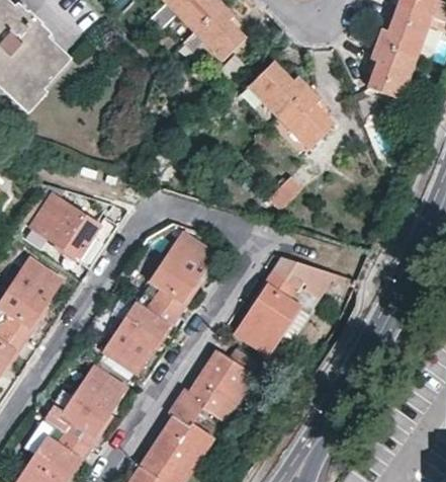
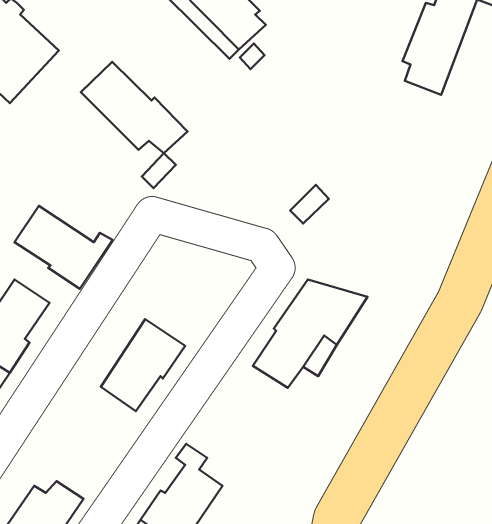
building: [246,64,332,150] -> none
building: none -> [81,62,187,153]
building: [143,235,211,316] -> none
building: [176,348,257,420] -> none
building: [55,367,125,449] -> none

